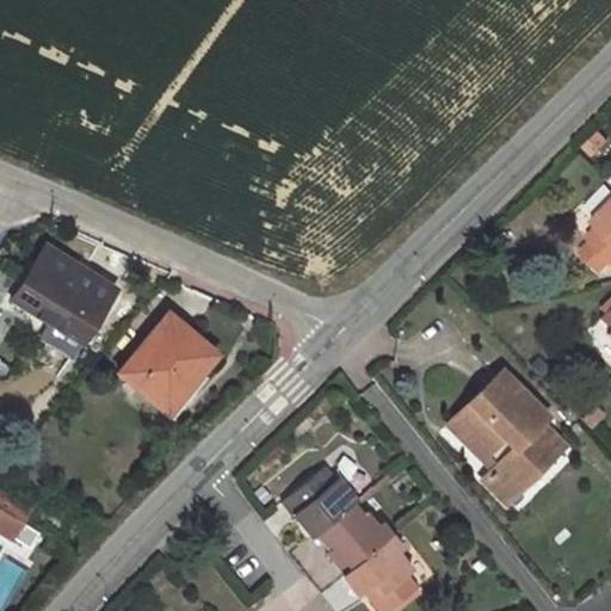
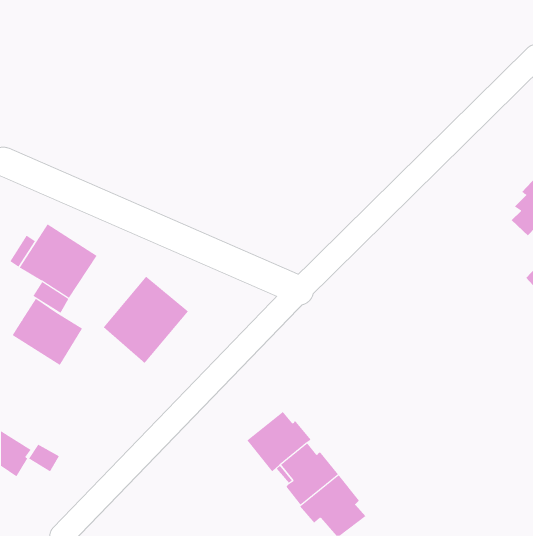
building: none -> [12,298,83,366]
building: [451,371,560,499] -> none

